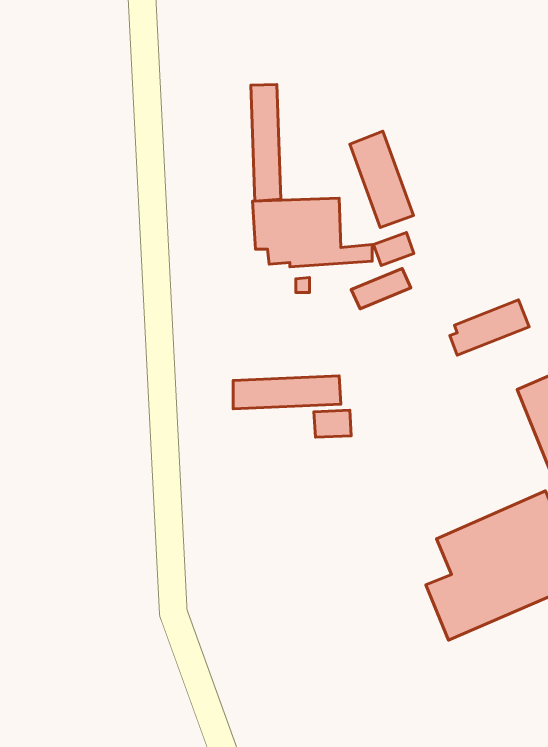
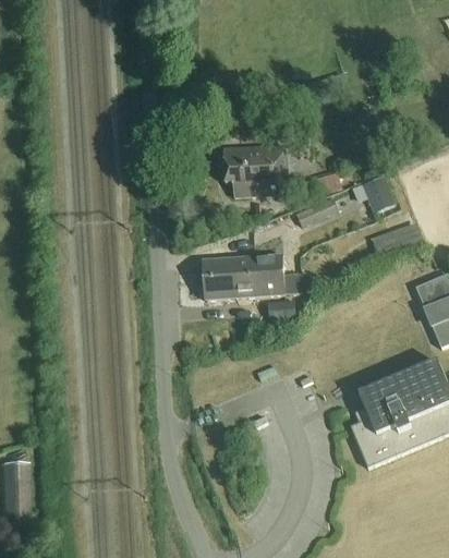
building: [251,85,281,201] -> none
building: [350,131,414,227] -> none
building: none -> [362,175,393,211]
building: none -> [208,255,287,278]

